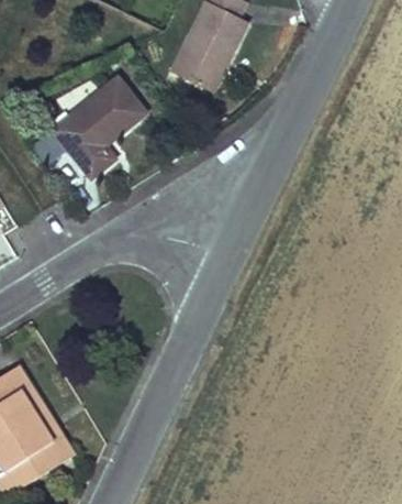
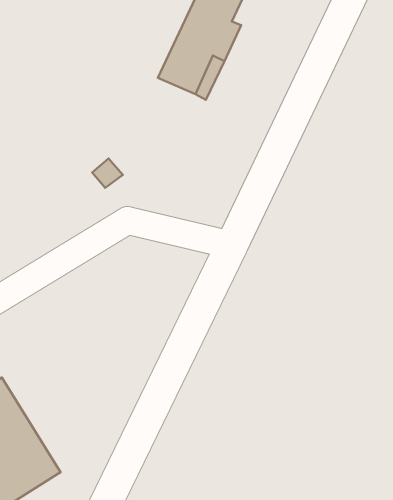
building: [46,78,145,179] -> none

